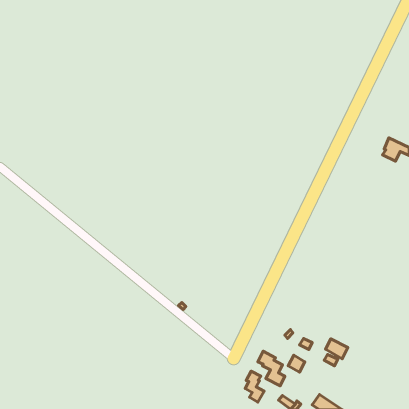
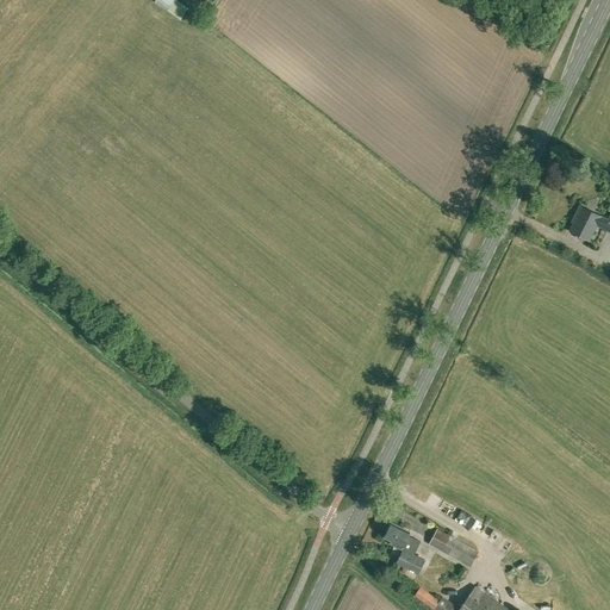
building: [325,339,348,359] -> [446,539,479,568]
building: [245,371,264,402] -> none

